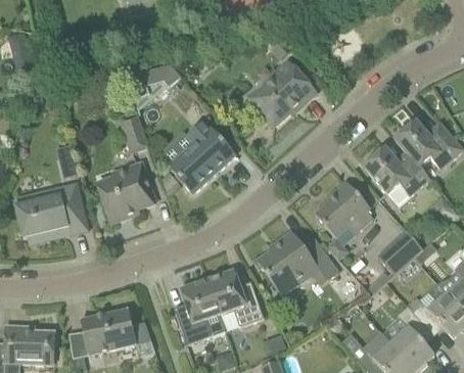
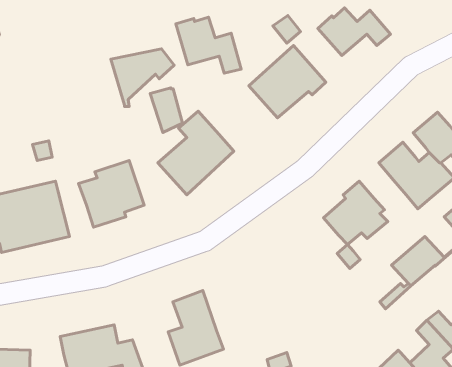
building: none -> [318,8,391,56]
building: none -> [176,17,241,73]
building: [120,113,148,153] -> [150,88,182,133]
building: [257,230,338,295] -> none
building: [207,269,265,326] -> none

